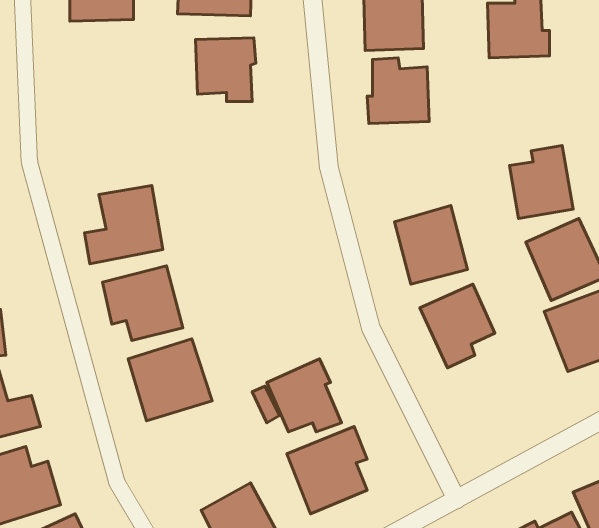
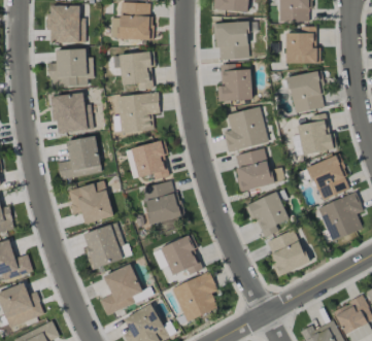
building: none -> [48,49,94,88]
building: none -> [288,71,326,113]
building: none -> [50,93,93,133]
building: none -> [119,94,160,132]
building: none -> [224,106,269,152]
building: none -> [131,140,170,180]
building: none -> [142,180,183,224]
building: none -> [265,230,309,276]
building: none -> [100,265,142,315]

